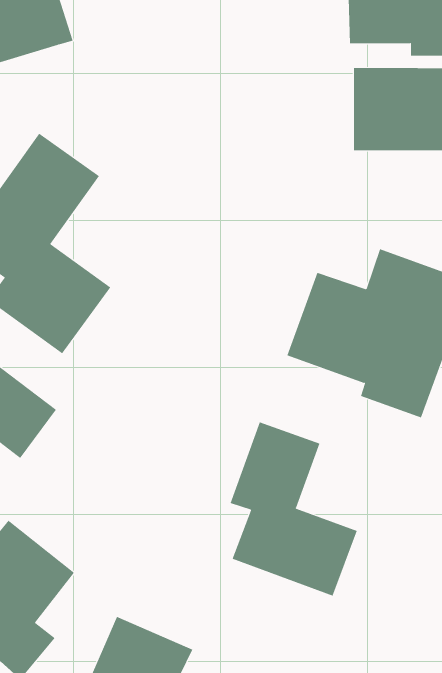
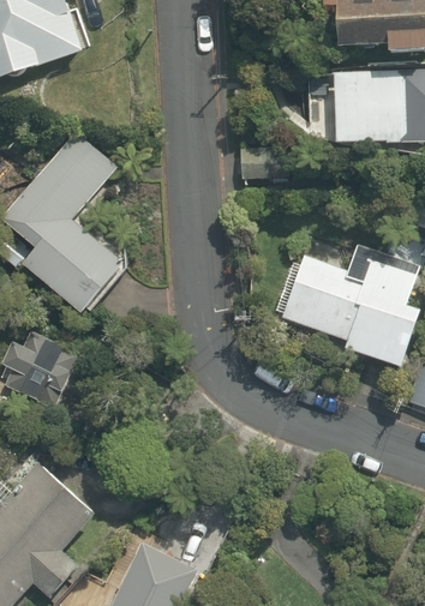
building: [230,422,357,596] -> none

